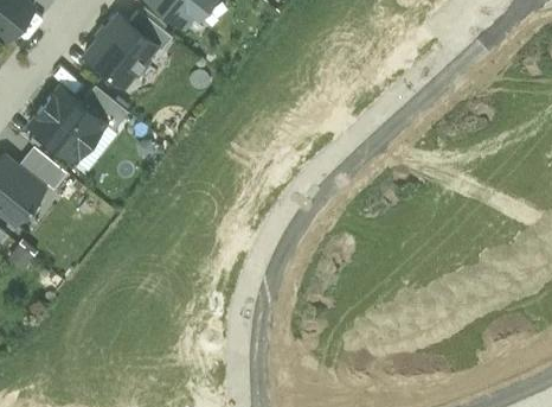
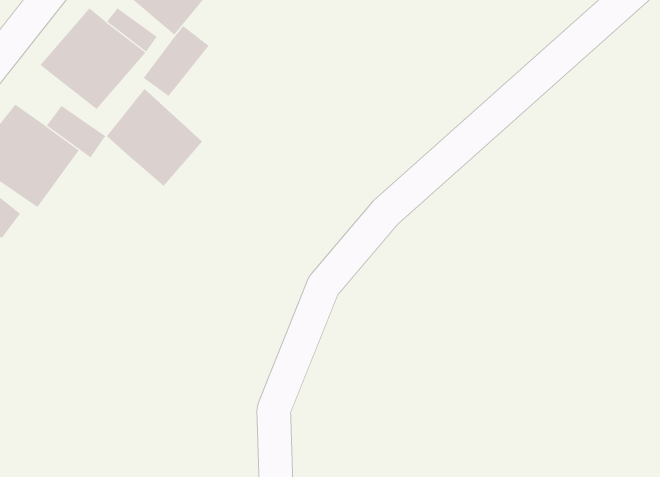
building: none -> [143,25,209,97]
building: none -> [106,88,203,187]

